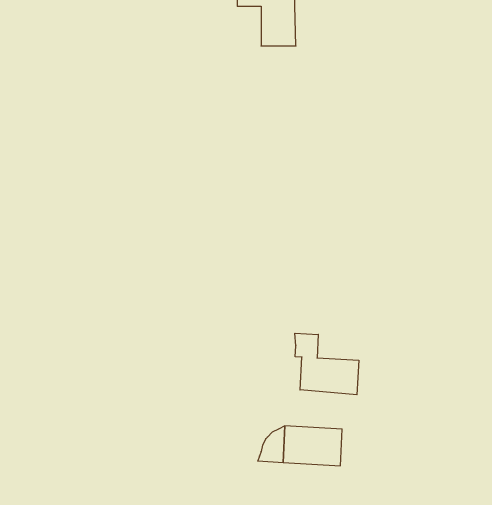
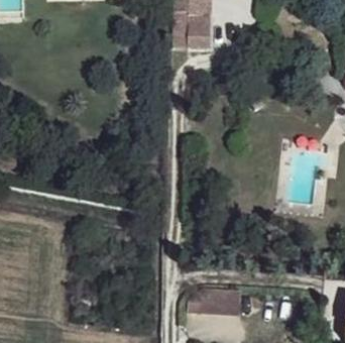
building: [295,333,359,395] -> none

